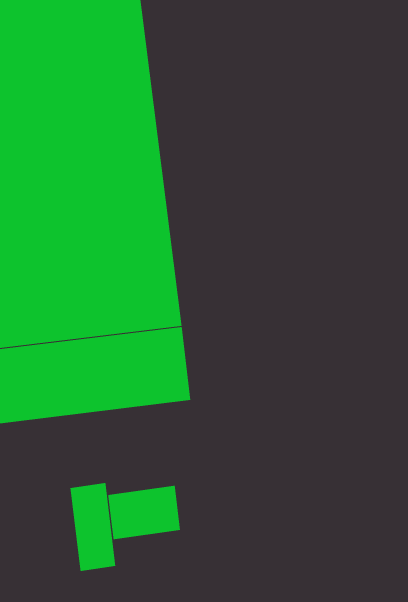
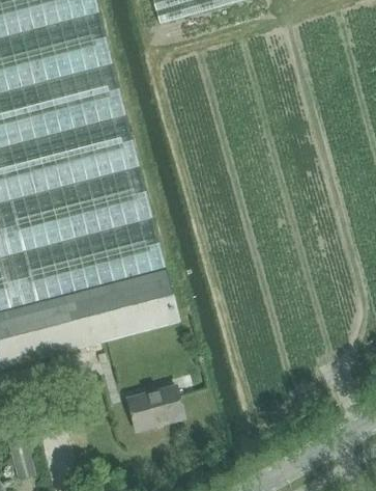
building: [70,482,116,572] -> none

